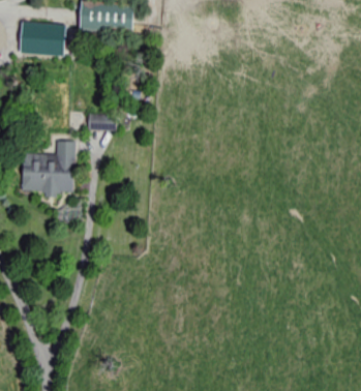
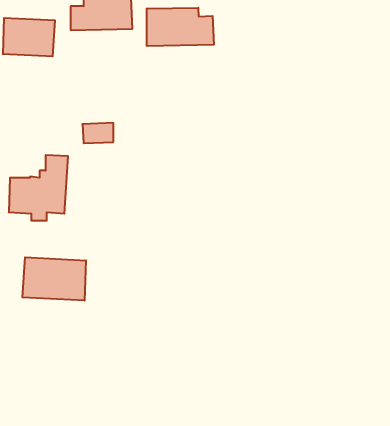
building: none -> [147,8,214,46]
building: none -> [22,257,86,301]

